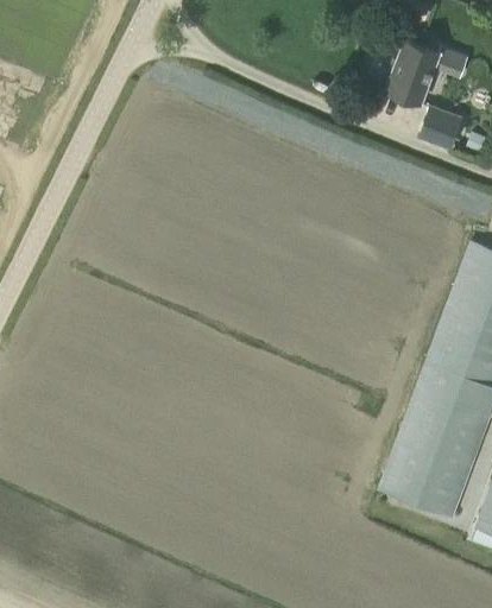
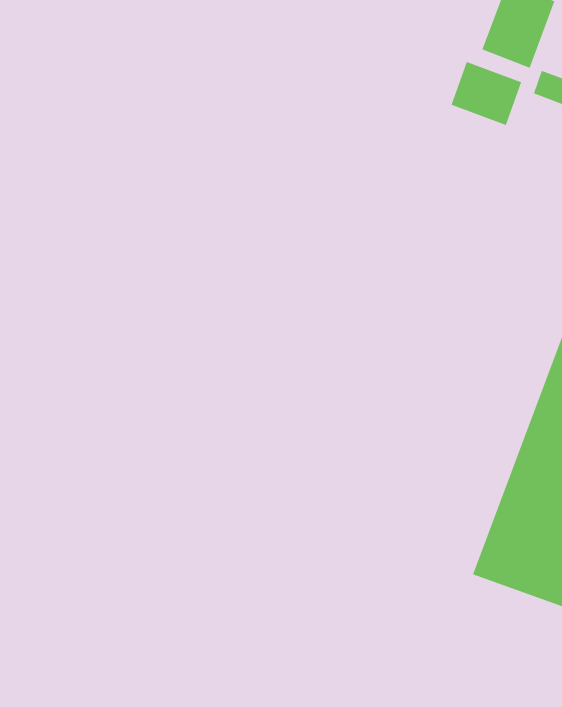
building: none -> [451,61,522,126]

